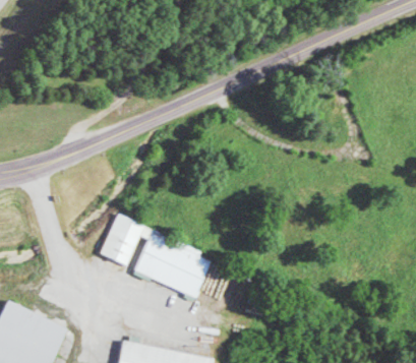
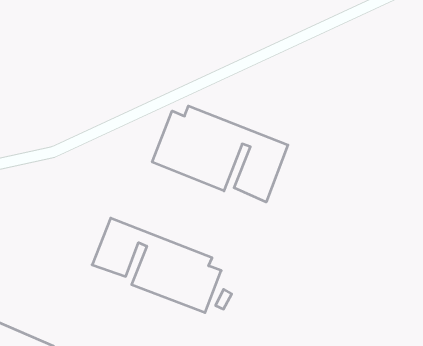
building: none -> [152,106,288,202]

